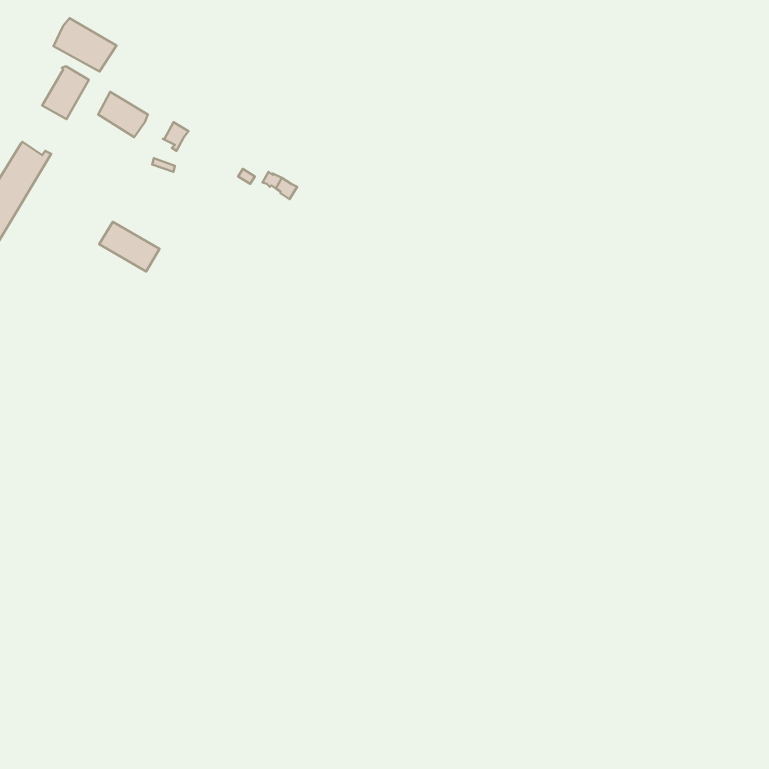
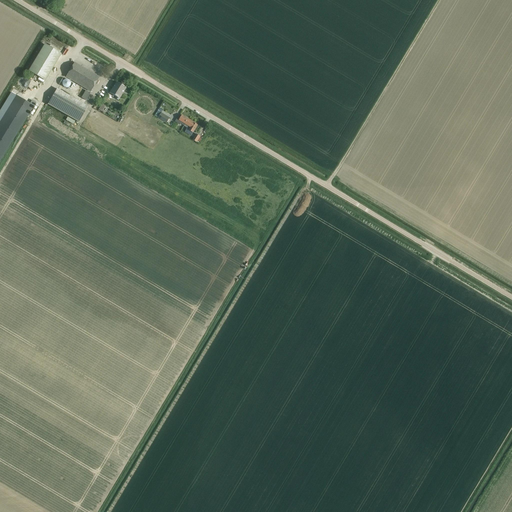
building: [54,18,117,72] -> none
building: [99,222,160,271] -> [47,88,87,121]

